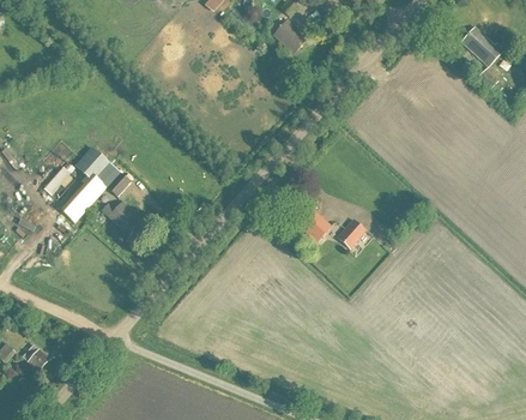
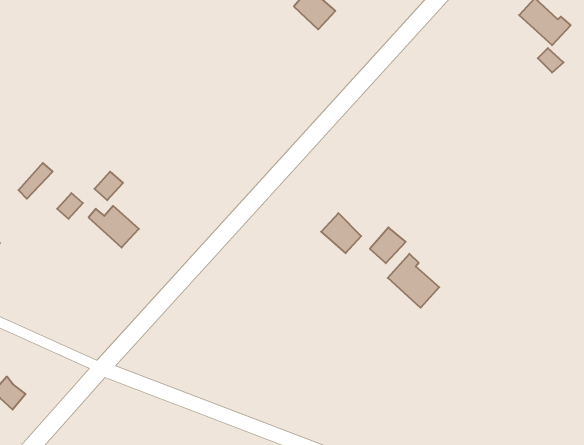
building: [74,146,110,182] -> none
building: none -> [388,254,439,308]

